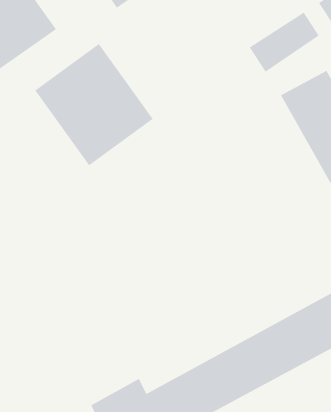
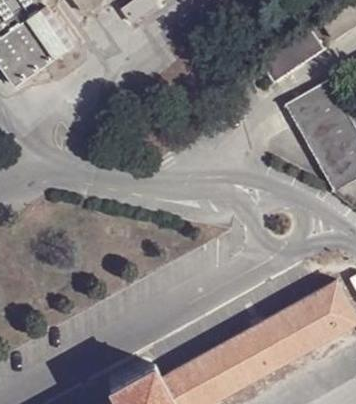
building: [35,43,153,166] -> none

